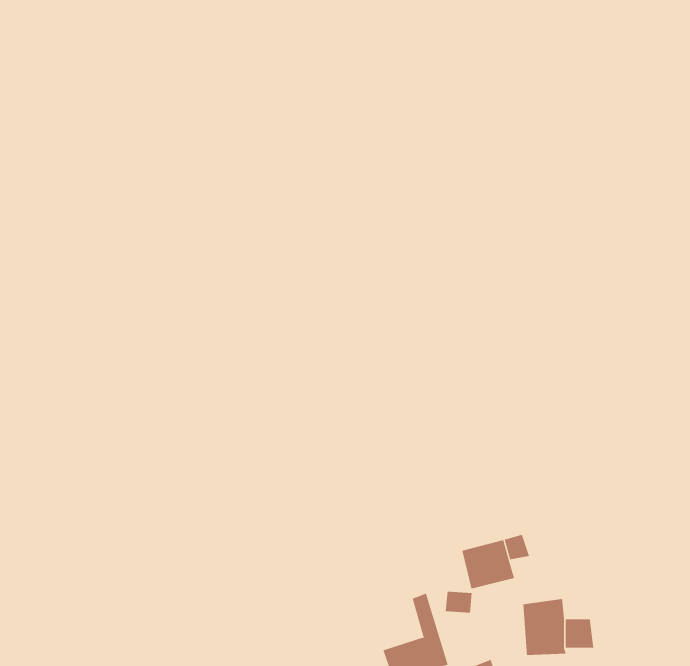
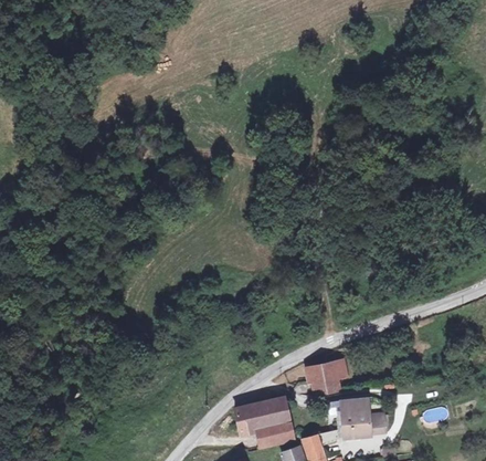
building: none -> [236,398,281,433]

